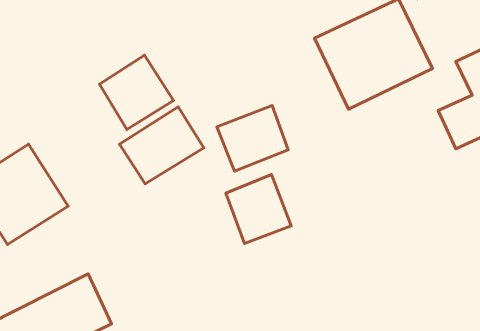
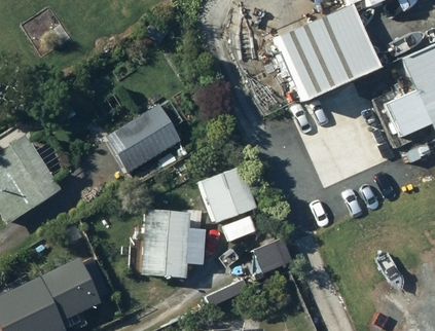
building: [100,55,173,130] -> none
building: [217,106,288,171] -> none
building: none -> [142,211,198,278]

